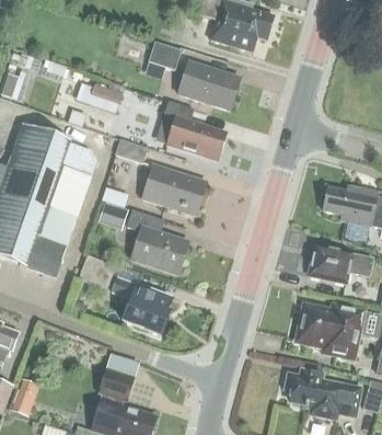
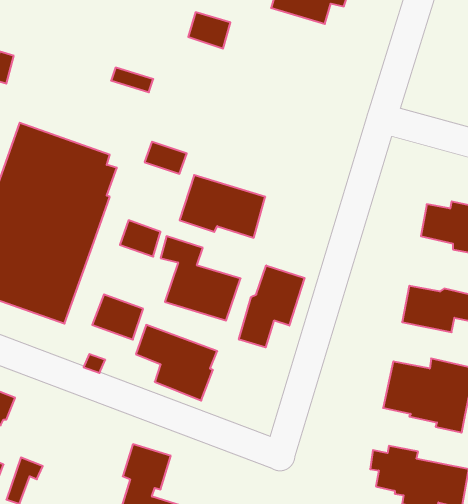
building: [180,60,241,108] -> none
building: [159,98,223,158] -> none
building: none -> [239,265,305,347]

